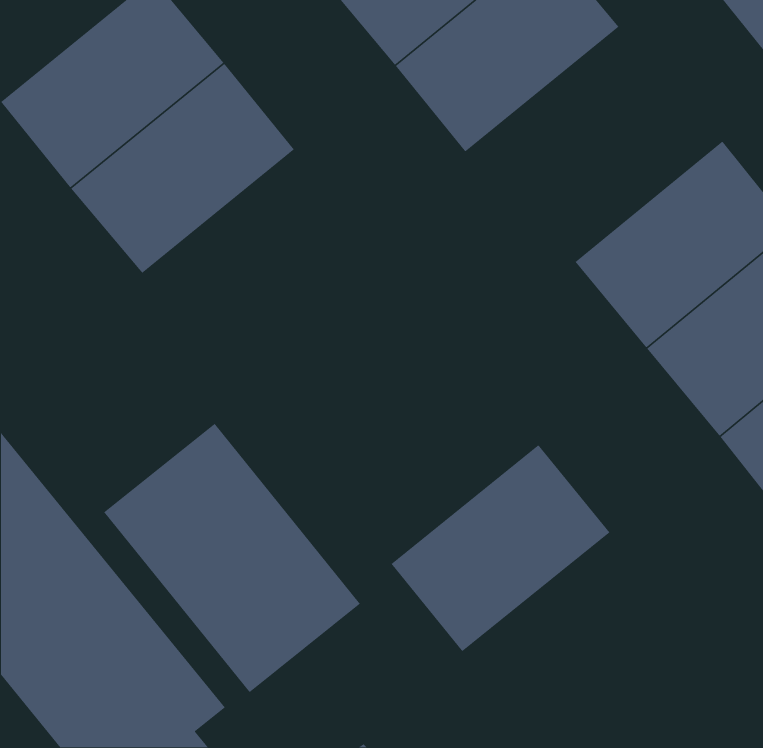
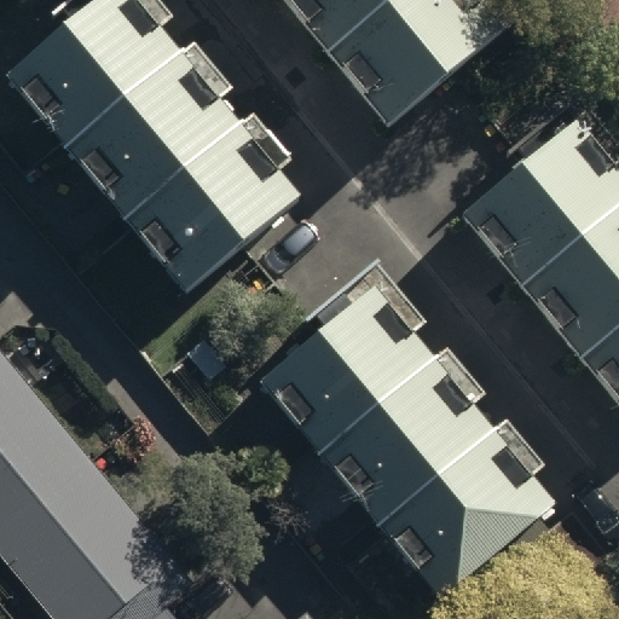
building: none -> [116,121,297,291]
building: none -> [258,288,436,456]
building: [103,423,361,693] -> none
building: none -> [375,430,554,598]

